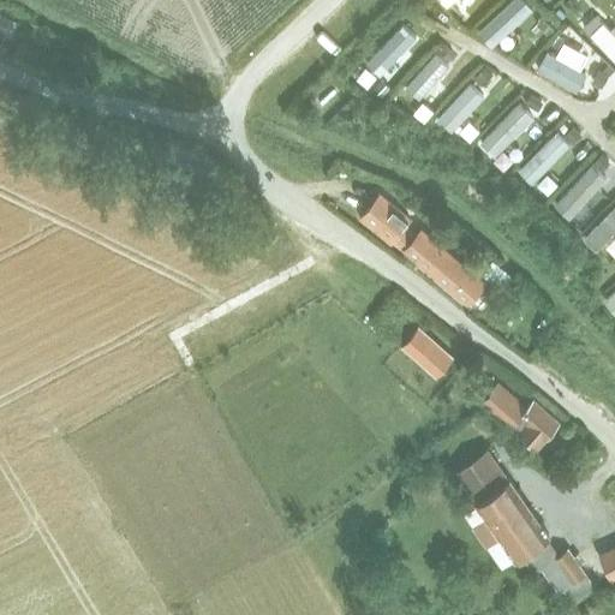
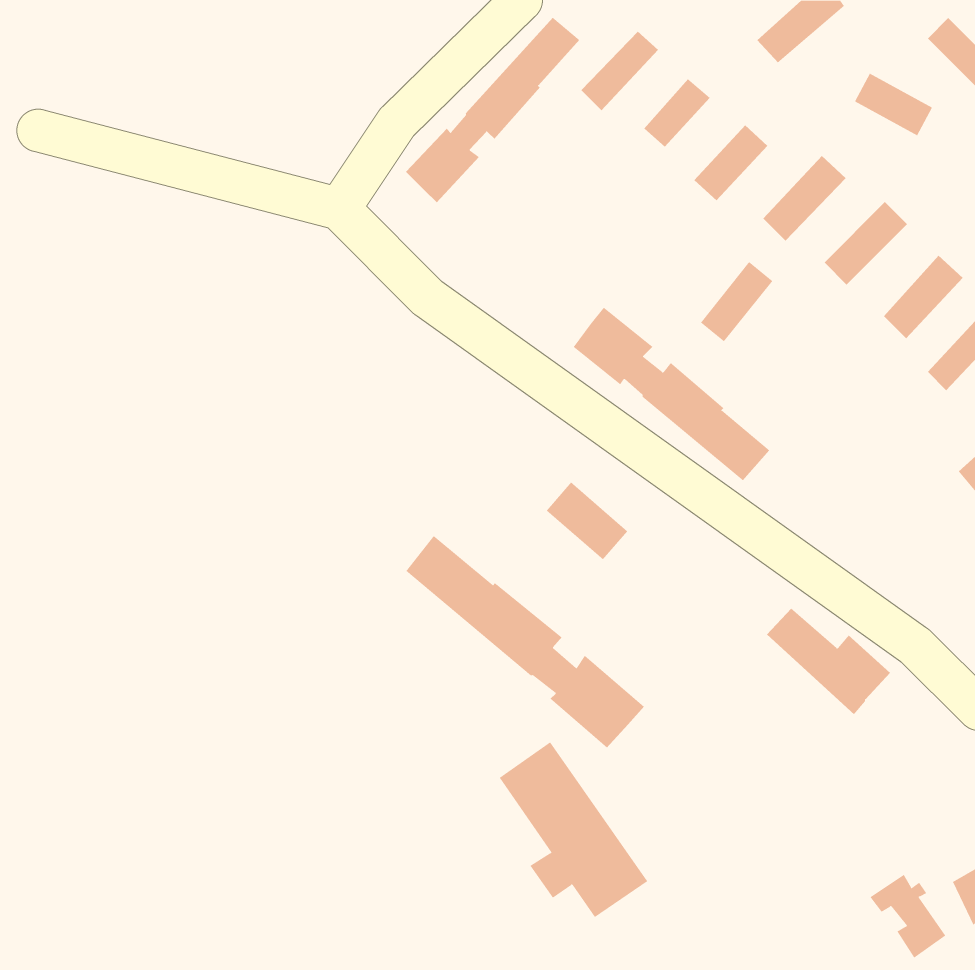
building: none -> [405,17,580,203]
building: none -> [700,261,773,342]
building: [402,332,454,381] -> [546,482,628,560]
building: none -> [405,535,645,748]
building: [455,452,549,562] -> [499,741,648,918]

